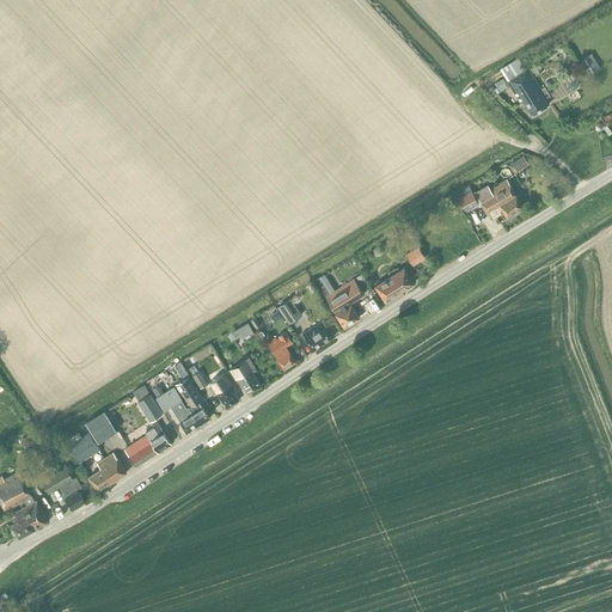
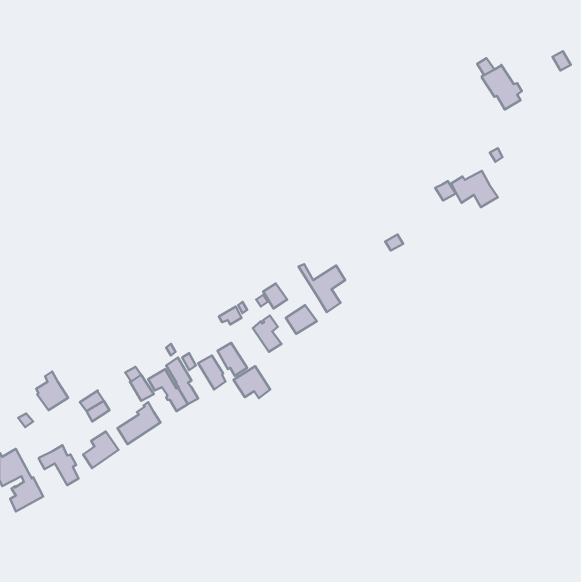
building: [374,268,411,301] -> none
building: none -> [233,366,270,398]
building: [65,422,98,463] -> [36,372,68,410]

